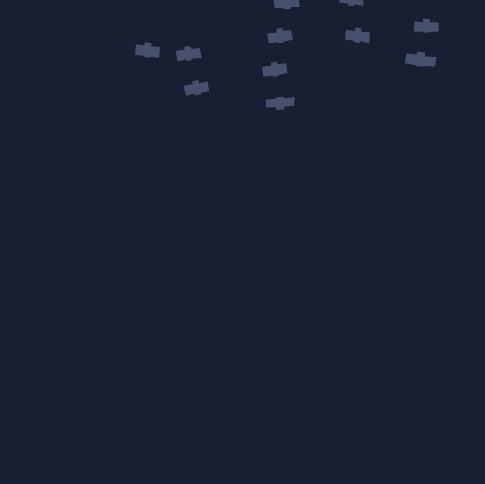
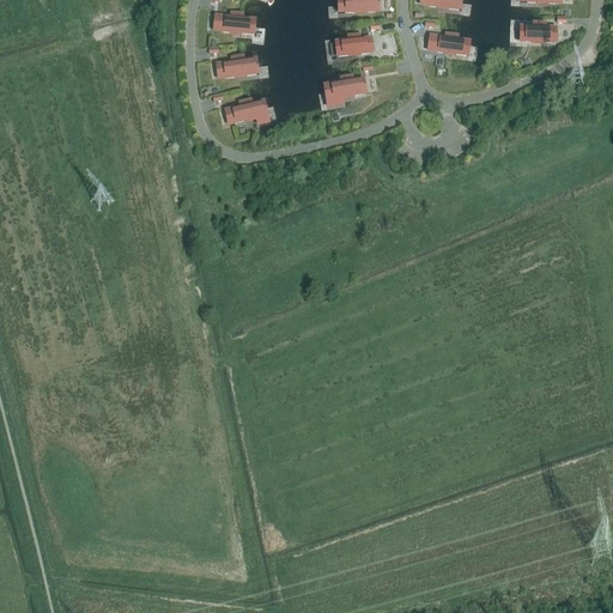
building: [134,42,161,58] -> [219,13,253,34]
building: [404,51,437,68] -> none
building: [266,96,295,111] -> none

